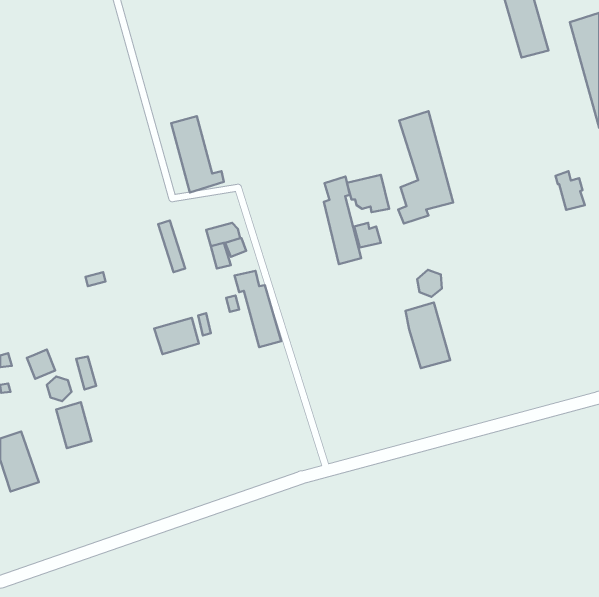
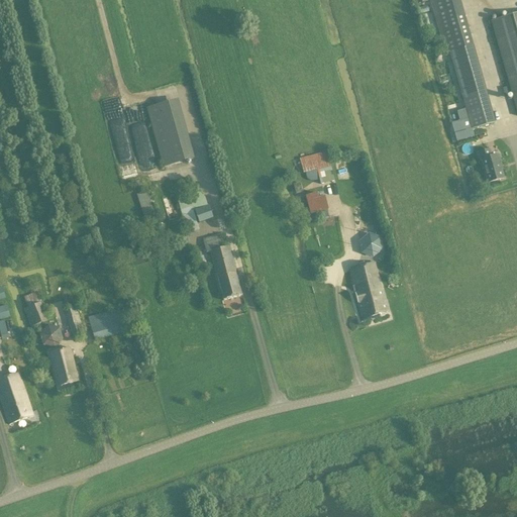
building: [398,111,453,224] -> [447,43,495,140]
building: [324,177,361,264] -> none
building: [154,318,199,354] -> [88,308,126,339]

